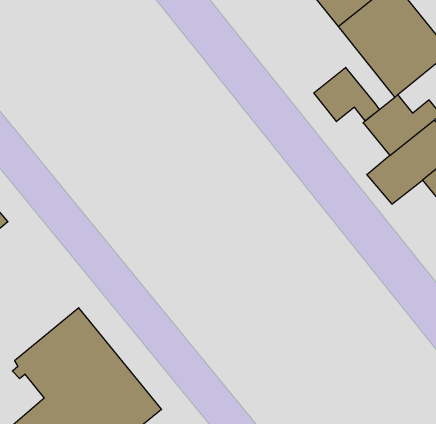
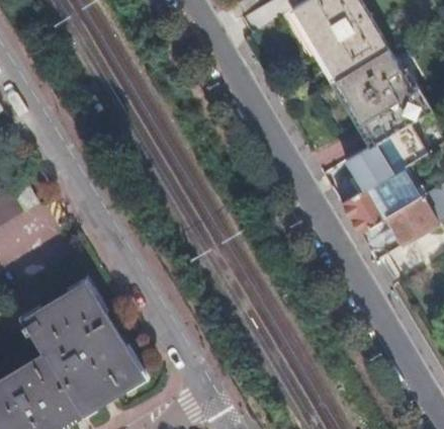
building: [314,67,379,122] -> none

